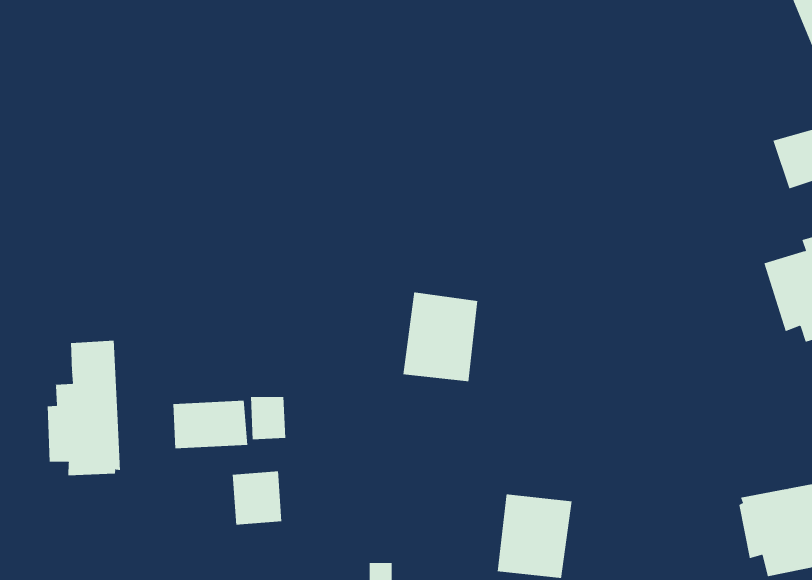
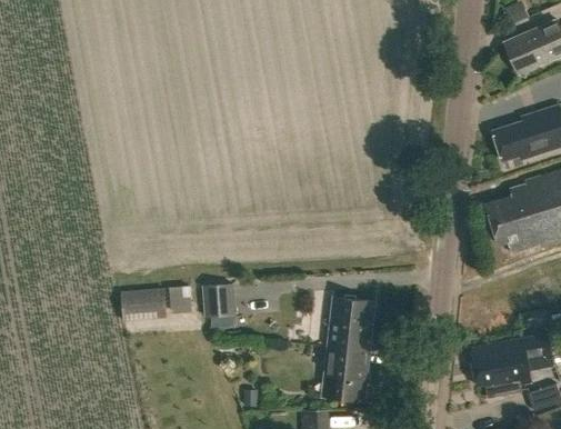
building: [403,292,478,382] -> [328,296,374,351]
building: [47,340,121,476] -> none
building: [232,471,282,525] -> [204,285,236,318]

